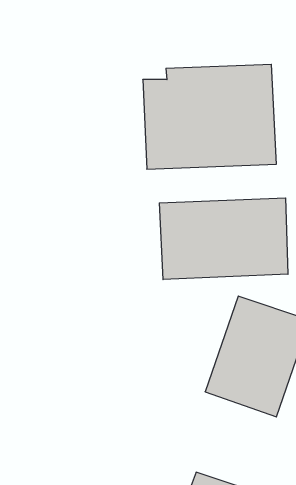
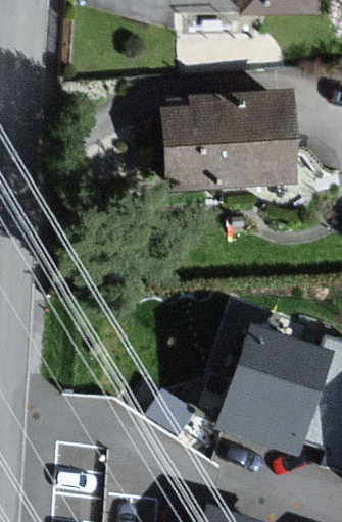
building: [159,198,288,280] -> none

